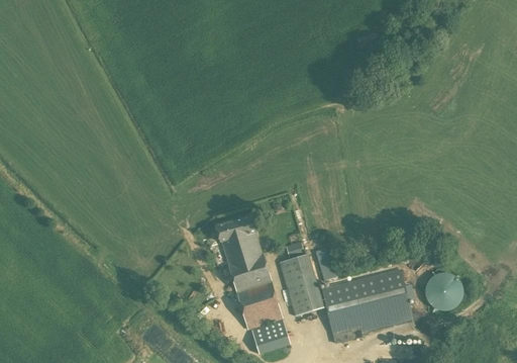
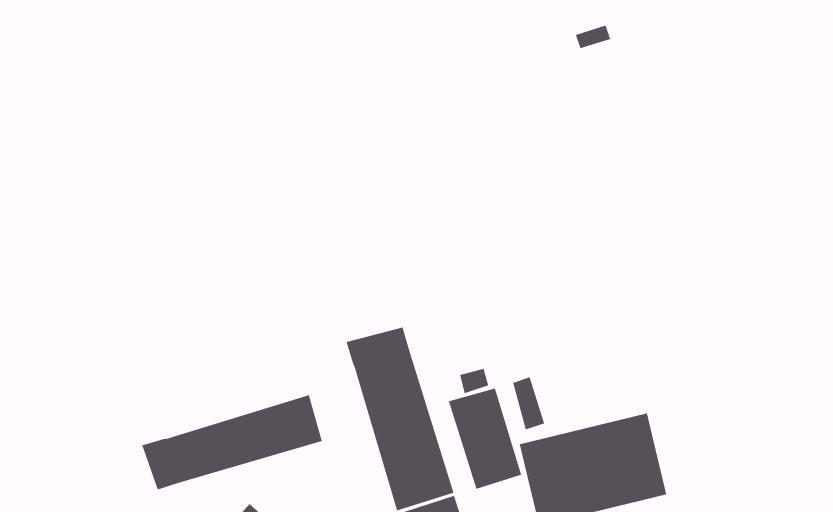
building: none -> [141,394,323,490]
building: [425,272,463,310] -> none

